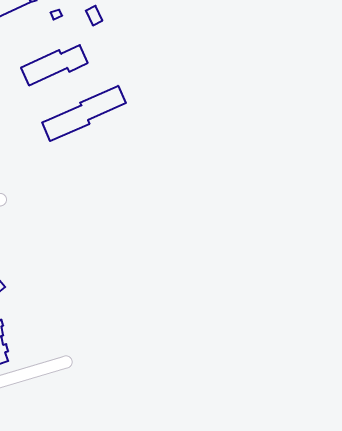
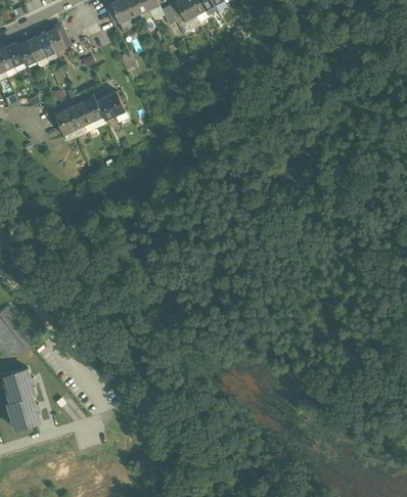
building: [42,86,126,141] -> none

